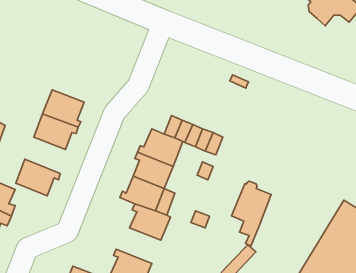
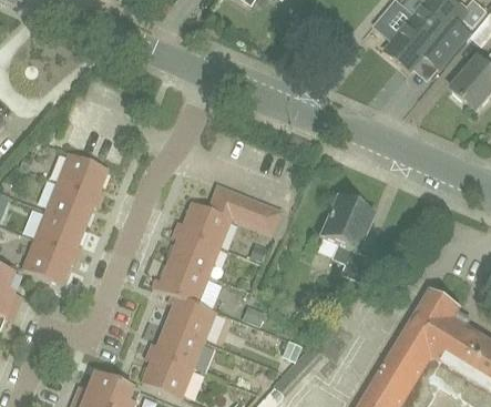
building: none -> [33,211,84,256]
building: [231,181,271,246] -> [320,195,370,276]
building: none -> [147,324,203,368]

